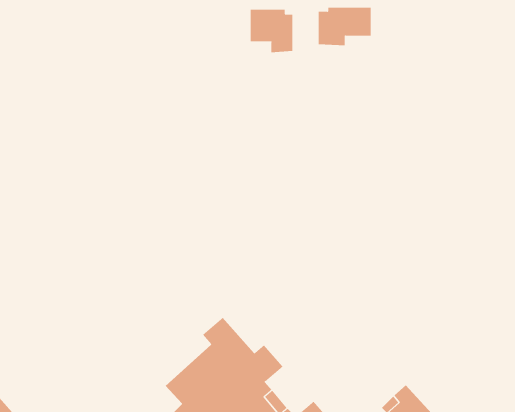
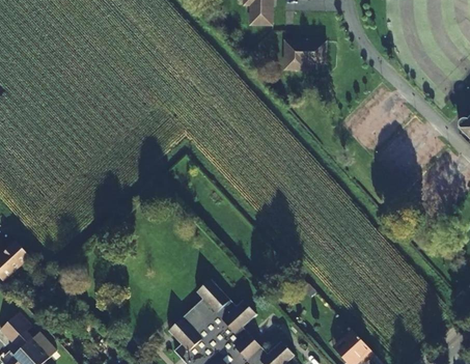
building: [250,9,293,53] -> none

